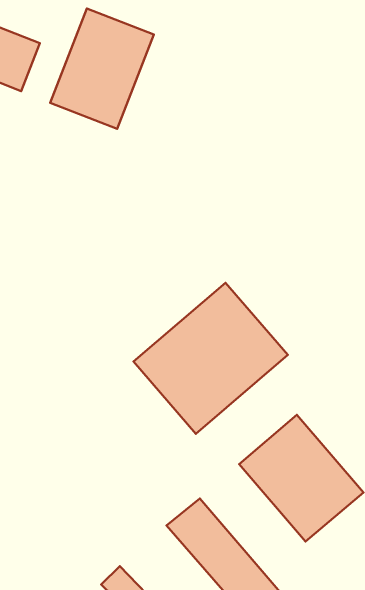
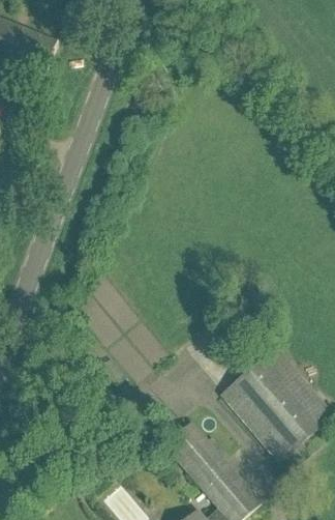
building: [50,9,154,129] -> none
building: [134,283,288,434] -> none

